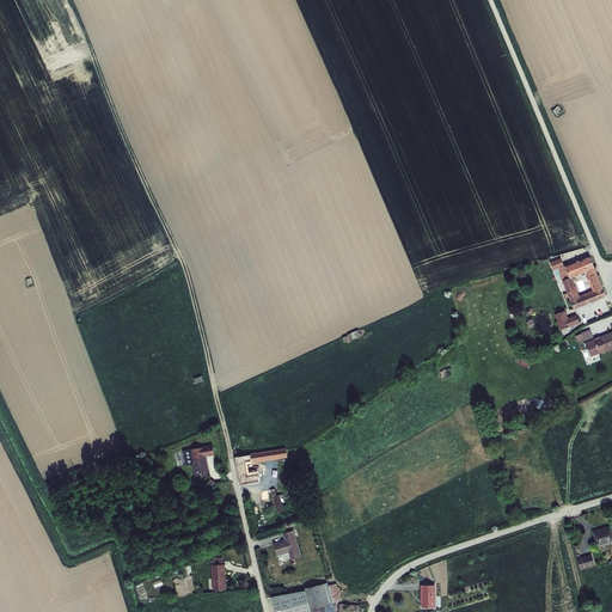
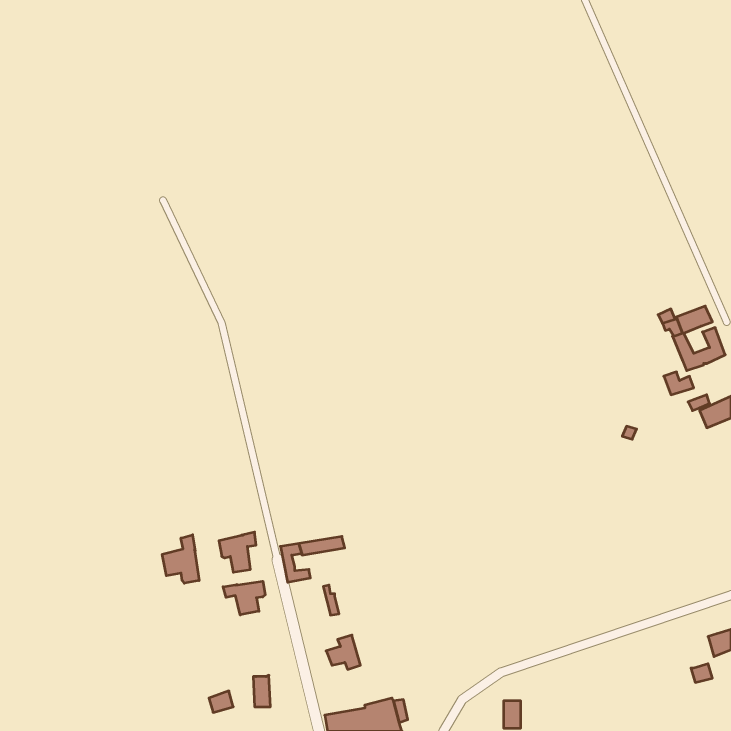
building: none -> [162,535,199,583]
building: none -> [223,581,265,615]

